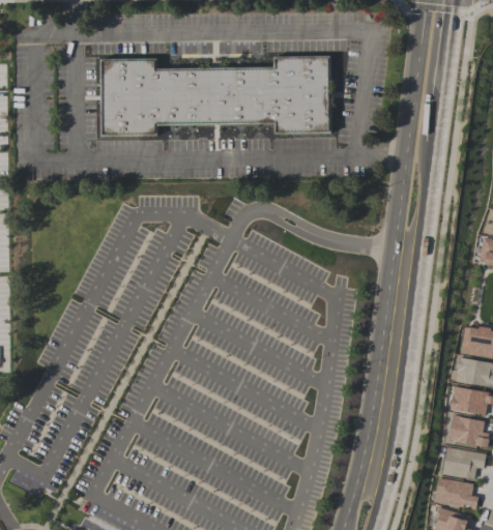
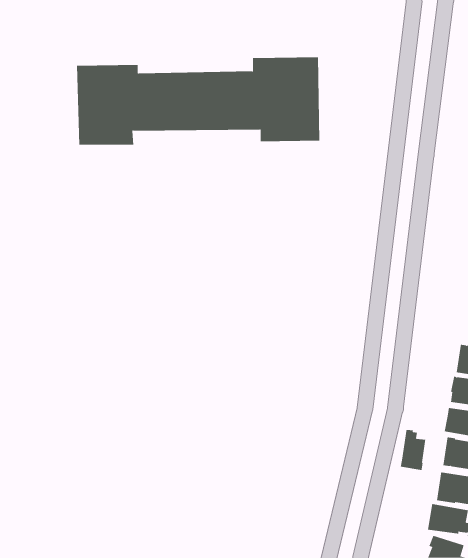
building: none -> [400,429,426,471]

